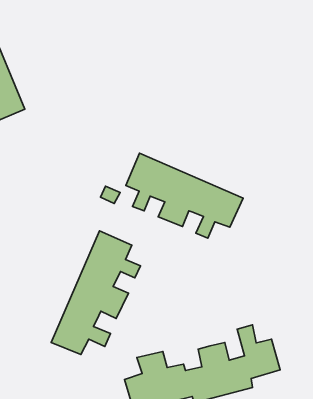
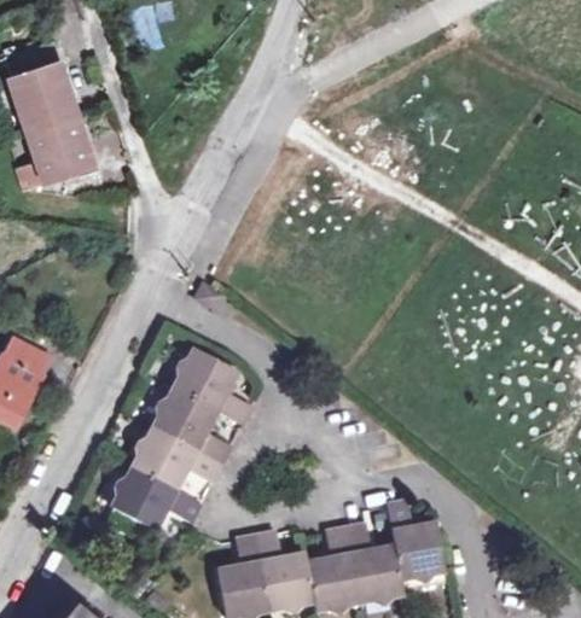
building: [126,153,243,238] -> none

